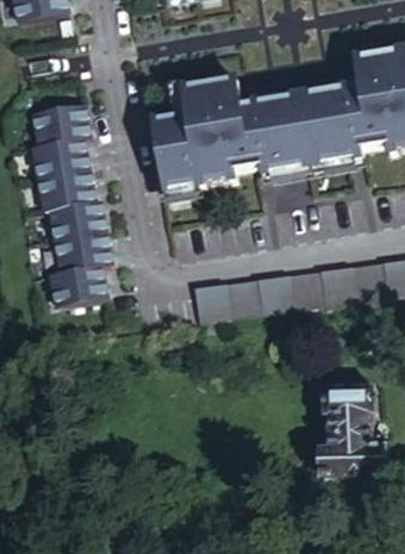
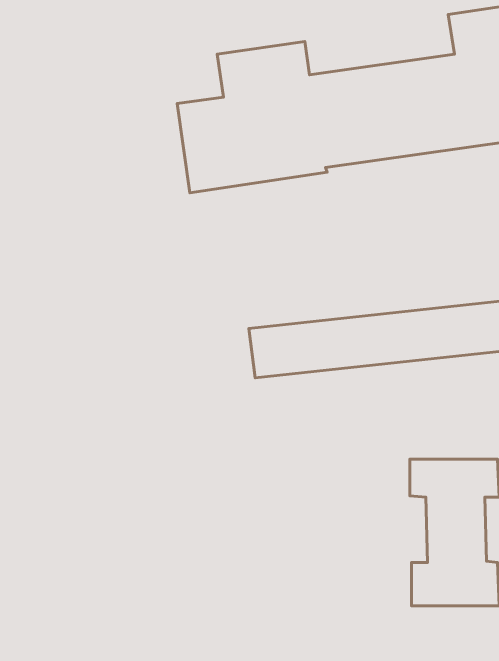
building: [29,104,111,309] -> none

